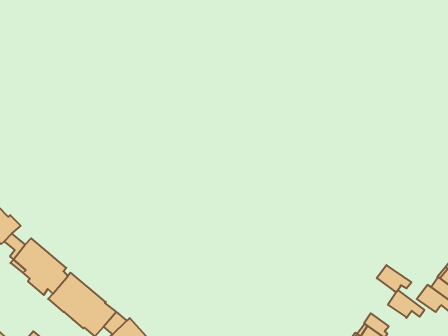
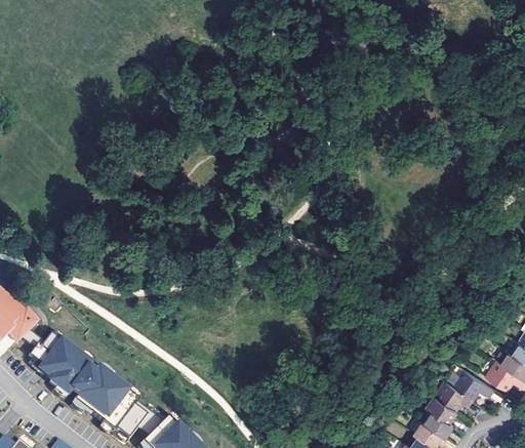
building: [377,265,411,292] -> [436,380,475,410]

